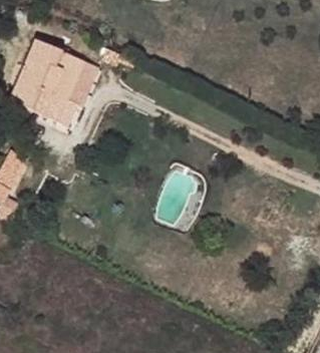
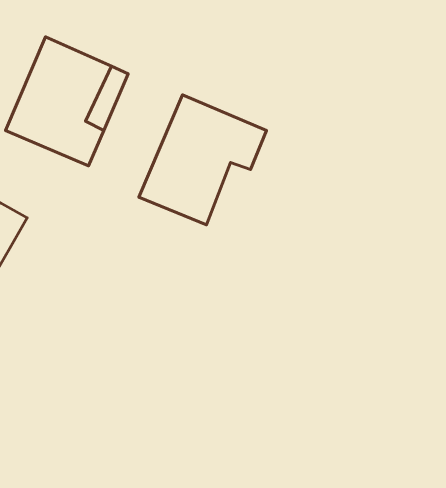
building: none -> [139,95,267,225]

